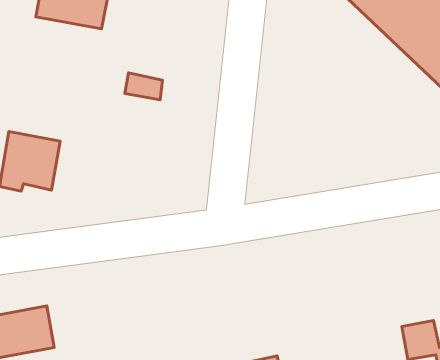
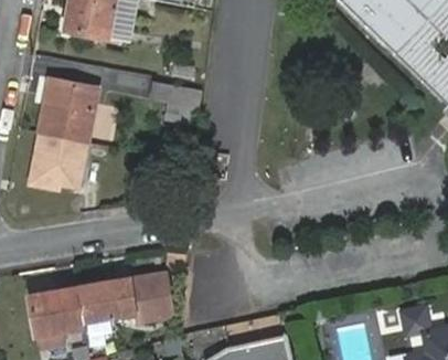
building: none -> [41,77,99,141]
building: none -> [75,276,167,328]

